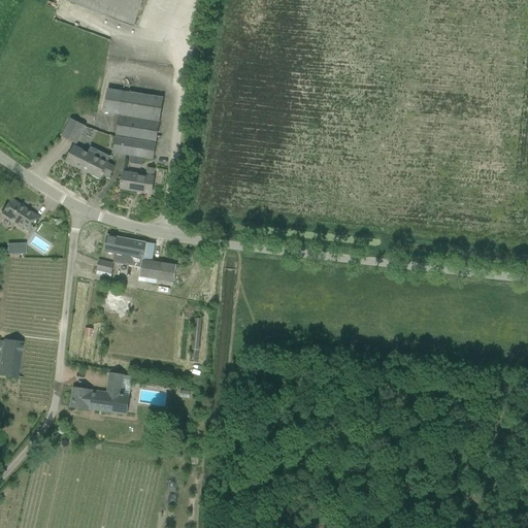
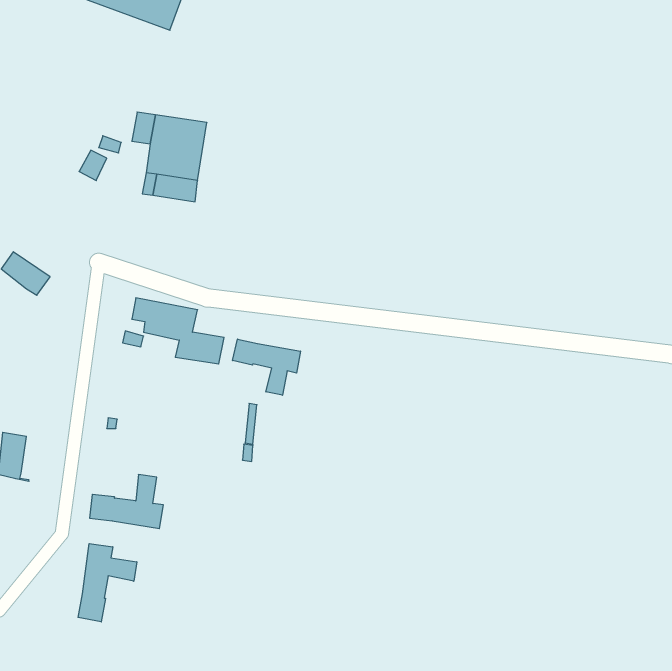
building: [66,145,112,176] -> none
building: [120,166,154,192] -> none
building: none -> [233,339,300,395]
building: none -> [78,544,137,622]

